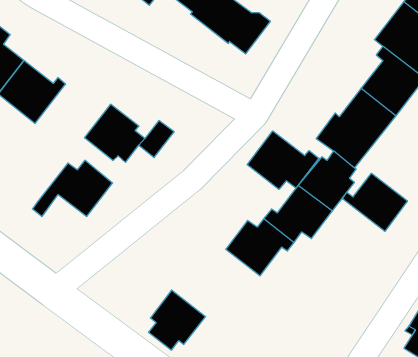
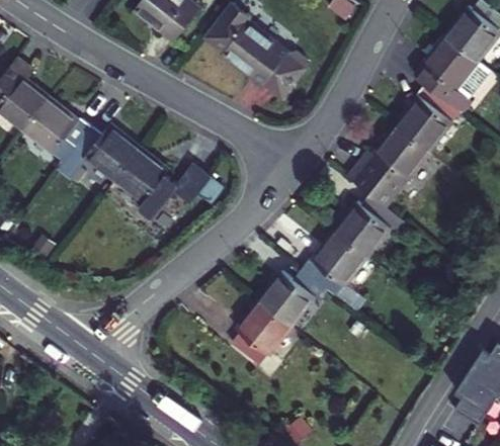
building: [247,131,319,189] -> none
building: [32,160,113,216] -> [51,121,136,181]
building: [342,173,407,231] -> none
building: [148,290,206,350] -> [234,299,295,363]

